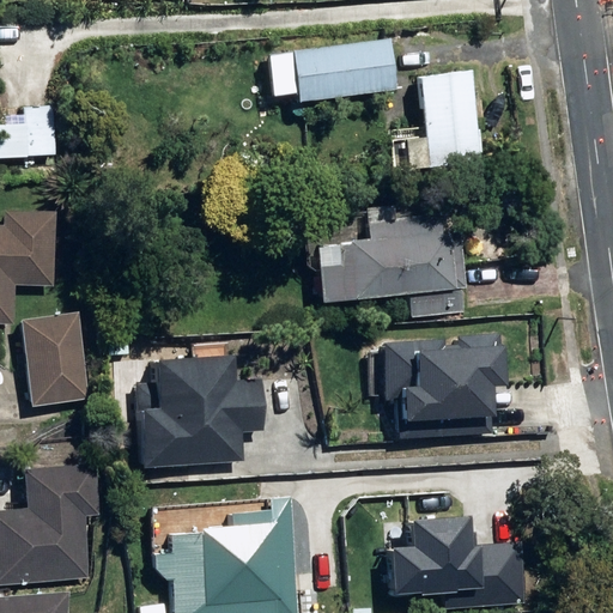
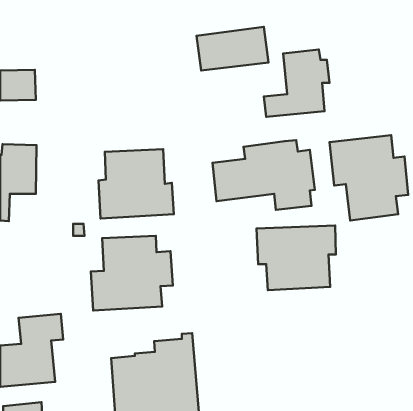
building: none -> [329,135,408,220]
building: none -> [98,149,174,218]
building: [22,320,90,413] -> none
building: [388,515,524,606] -> none

